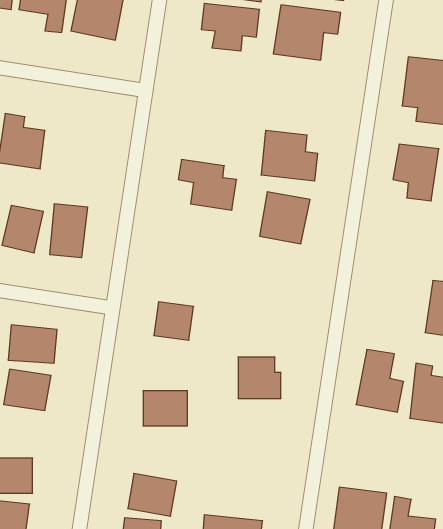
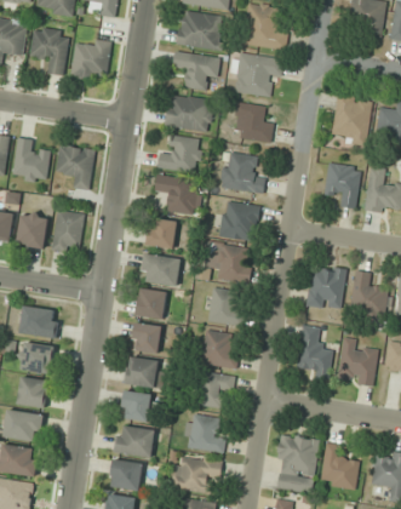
building: none -> [166,95,212,132]
building: none -> [234,103,274,142]
building: none -> [157,136,202,173]
building: none -> [57,145,94,189]
building: none -> [145,217,178,251]
building: none -> [207,244,248,282]
building: none -> [141,253,181,287]
building: none -> [307,265,346,310]
building: none -> [208,288,244,326]
building: none -> [132,324,160,353]
building: none -> [197,371,235,408]
building: none -> [19,378,46,407]
building: none -> [120,389,159,423]
building: none -> [184,414,225,452]

